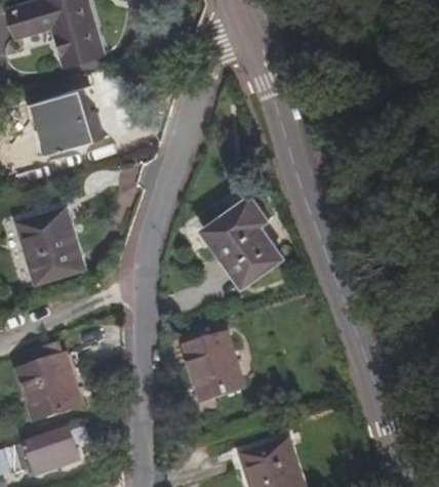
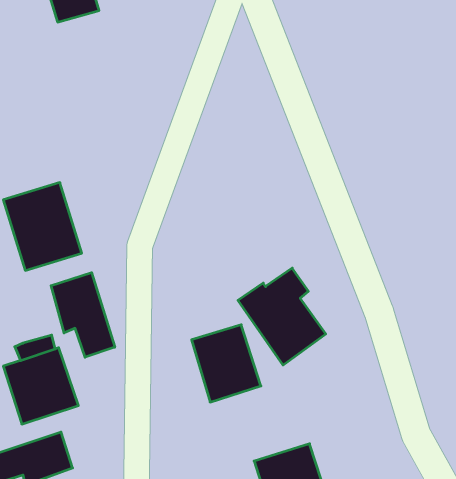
building: [33,91,96,154] -> none
building: [203,198,281,284] -> [238,268,326,365]
building: none -> [51,273,115,357]

